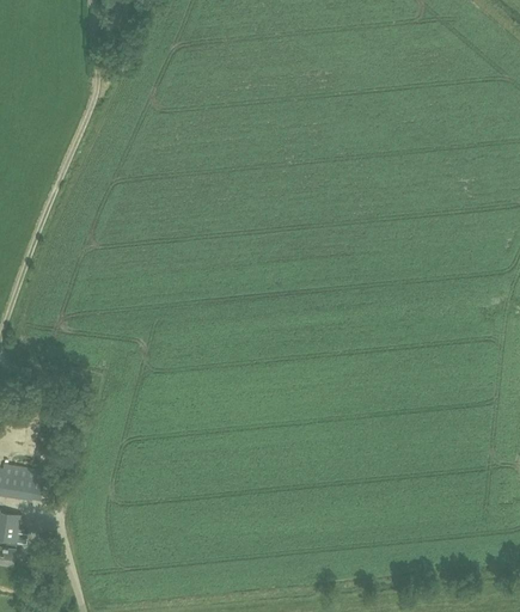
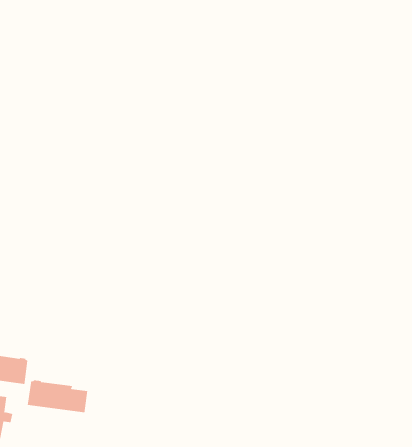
building: none -> [27,379,88,413]

